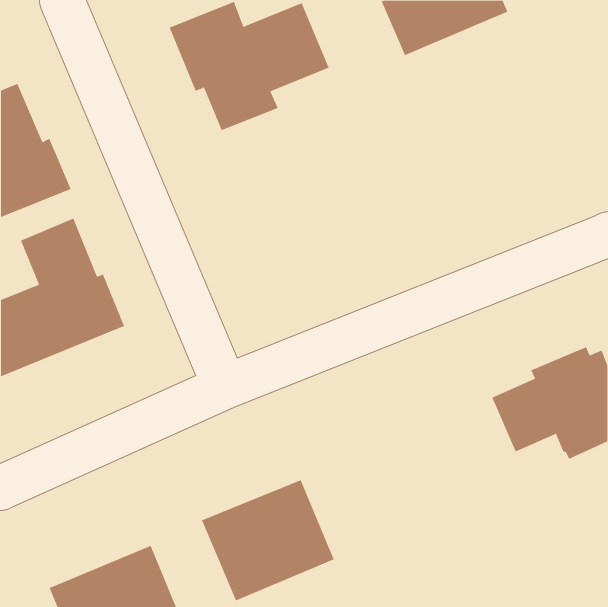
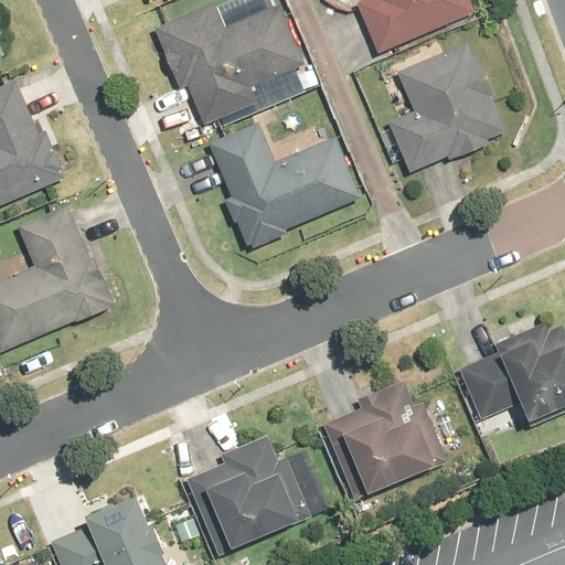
building: none -> [385,42,503,172]
building: none -> [211,121,361,247]
building: none -> [320,381,445,501]

